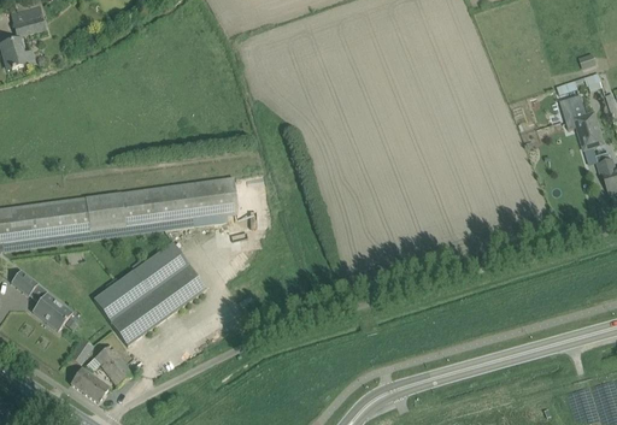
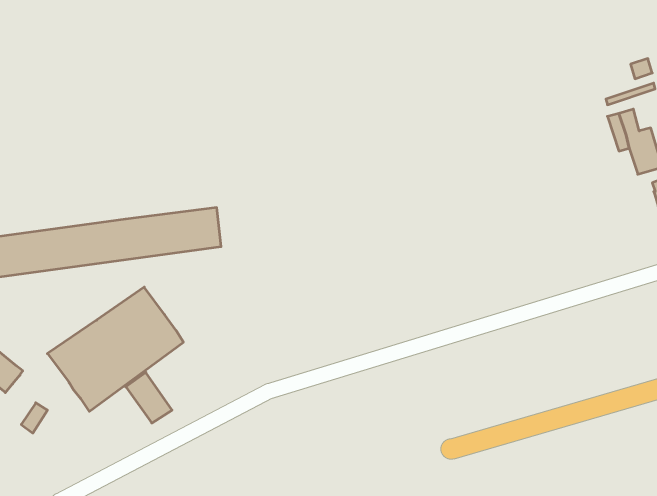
building: [94,343,133,385] -> [126,372,172,423]
building: [70,367,108,402] -> none

